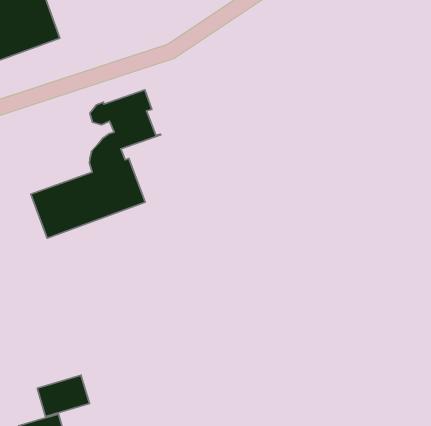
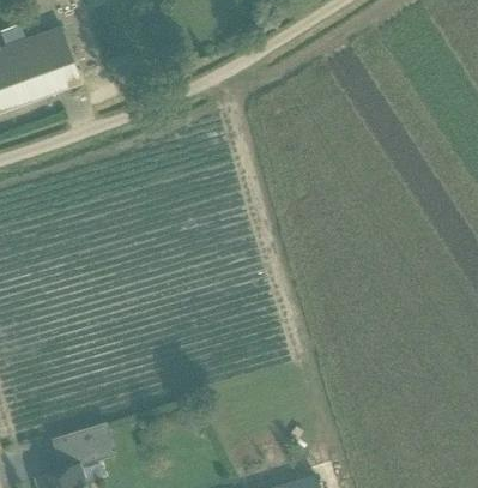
building: [31,90,161,238] -> none

